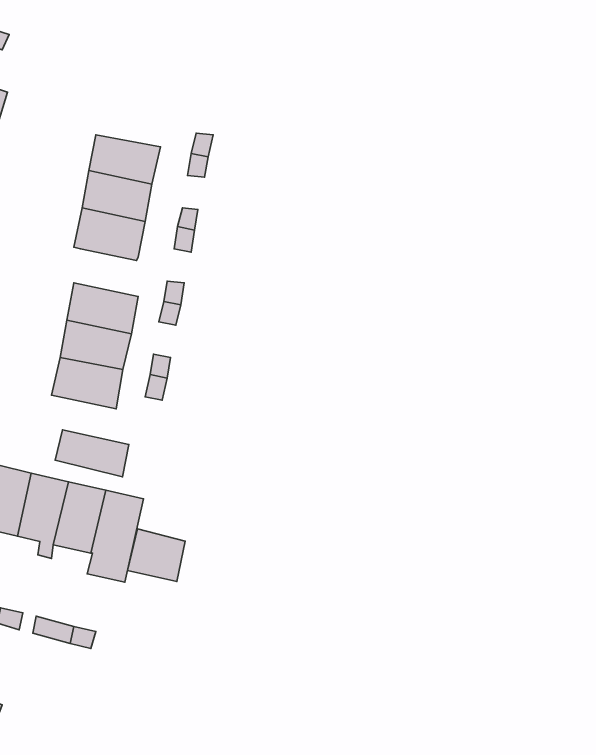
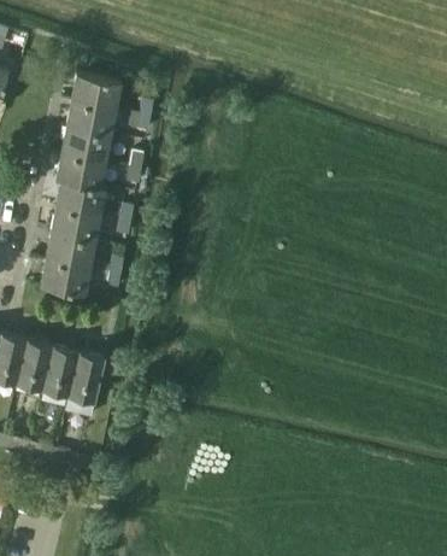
building: none -> [71,74,122,109]
building: none -> [55,181,106,215]
building: [55,430,129,477] -> none
building: [127,529,185,581] -> none

